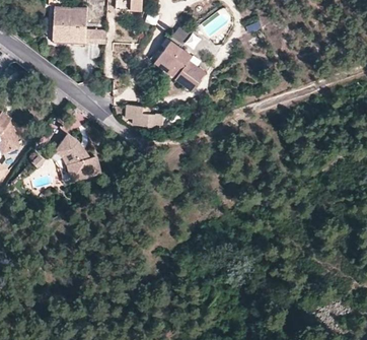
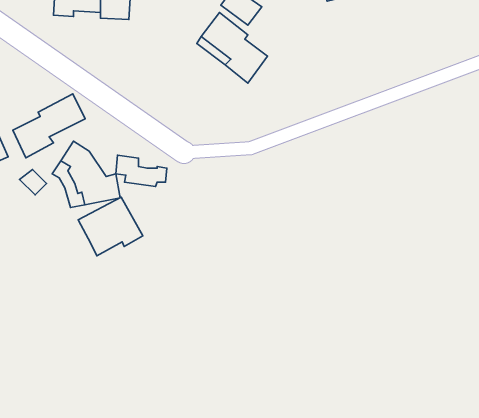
building: none -> [13,94,85,158]
building: [126,106,162,128] -> [116,155,167,186]
building: none -> [78,197,143,256]

